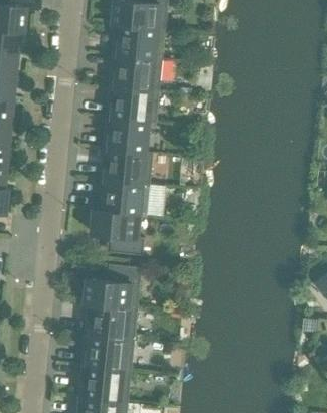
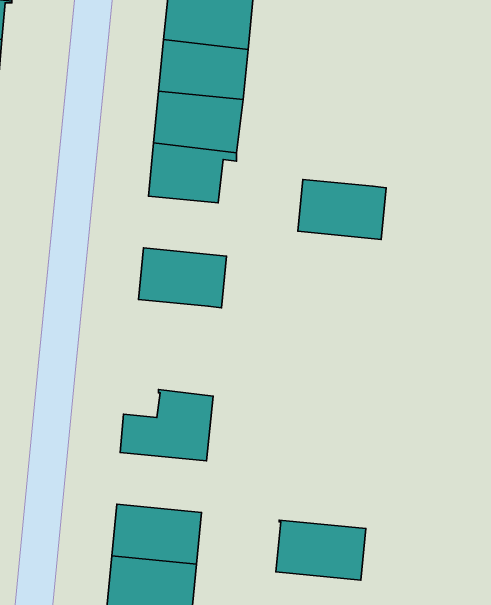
building: [100,148,153,184] -> [298,180,386,240]
building: [93,210,145,256] -> none
building: [84,302,138,339] -> [276,520,366,580]

